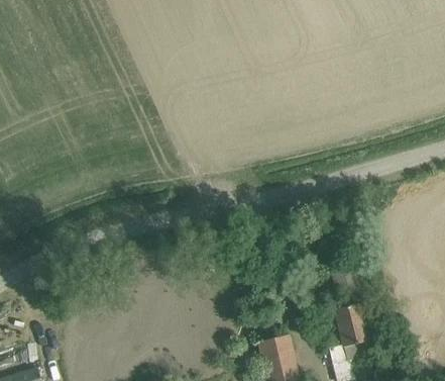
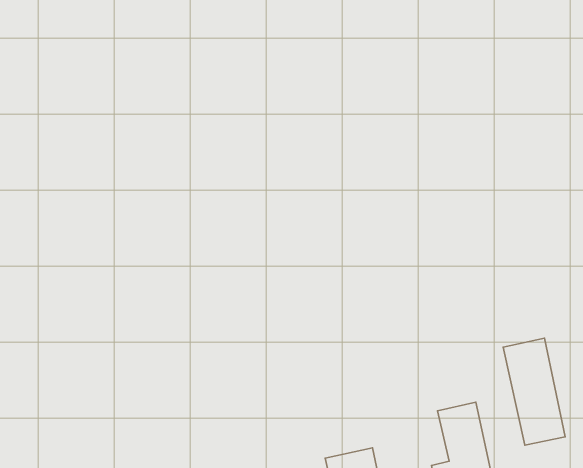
building: none -> [503,338,565,445]

